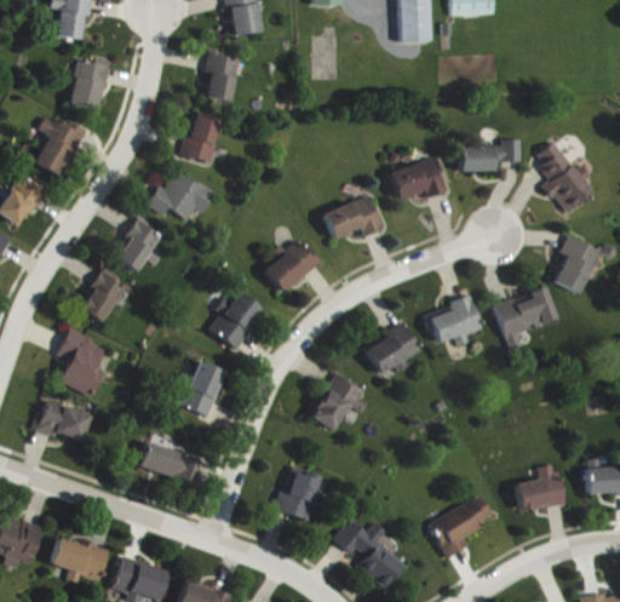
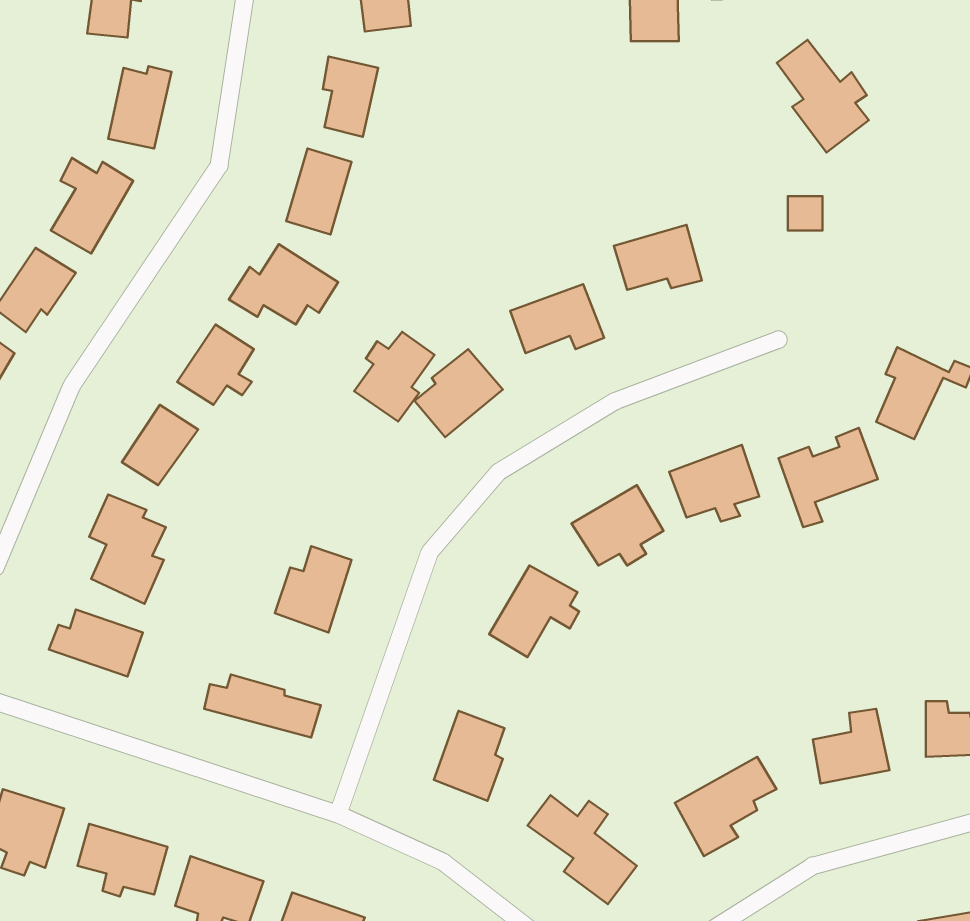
building: [534,142,592,213] -> [777,40,869,153]
building: [460,145,493,171] -> none
building: [208,292,259,349] -> [354,332,435,422]

